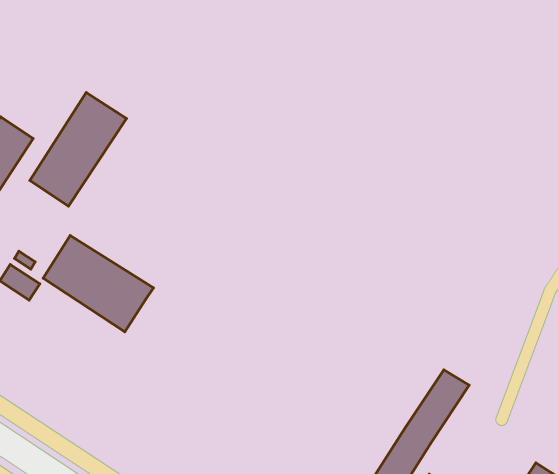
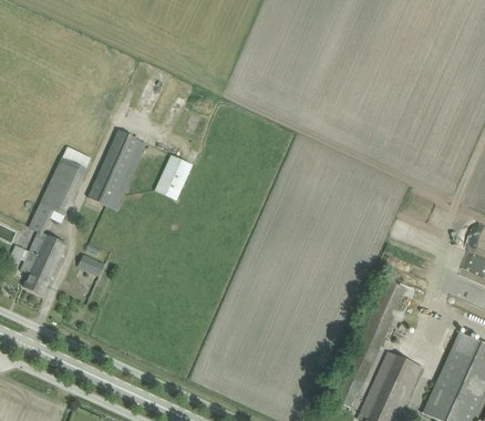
building: none -> [154,154,193,199]
building: [43,235,153,332] -> none

